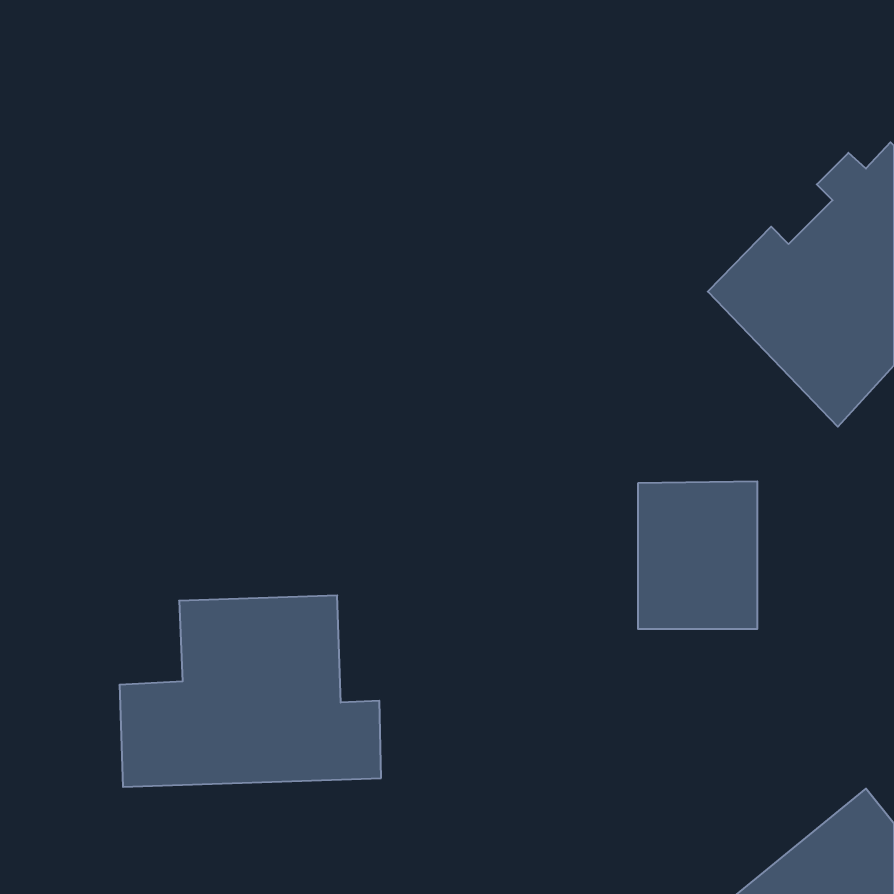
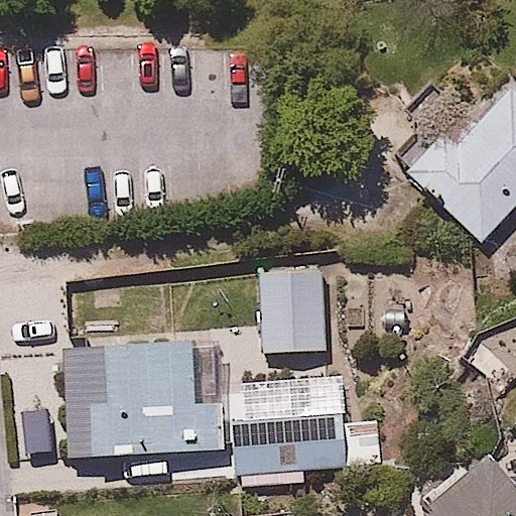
building: [638,481,757,629] -> [256,265,325,350]
building: none -> [231,381,380,471]

